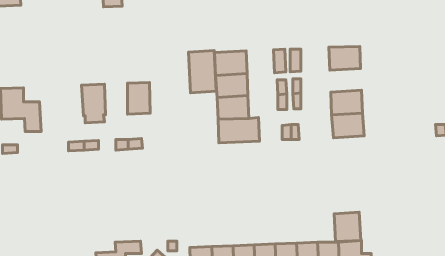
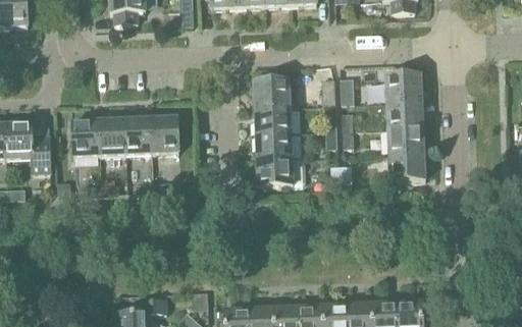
building: [188,50,216,93] -> none
building: none -> [386,101,423,128]
building: none -> [125,118,152,155]
building: none -> [72,120,101,164]
building: [334,212,361,241] -> none

